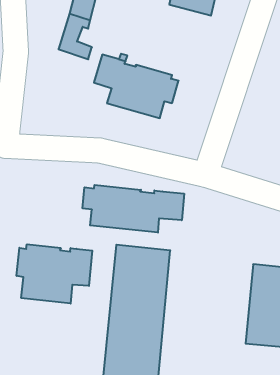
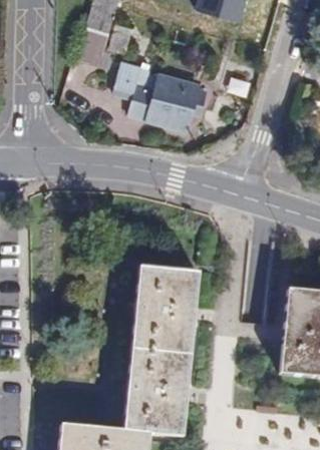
building: [83,185,184,233] -> none
building: [17,244,92,304] -> none

